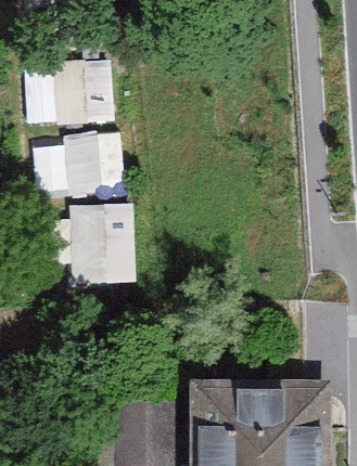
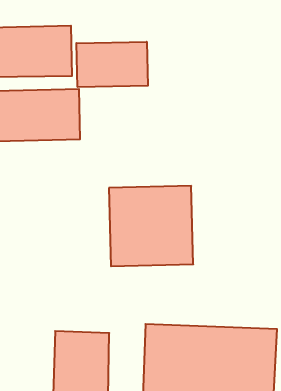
building: none -> [76,42,148,87]
building: [42,197,133,284] -> [109,186,193,266]

